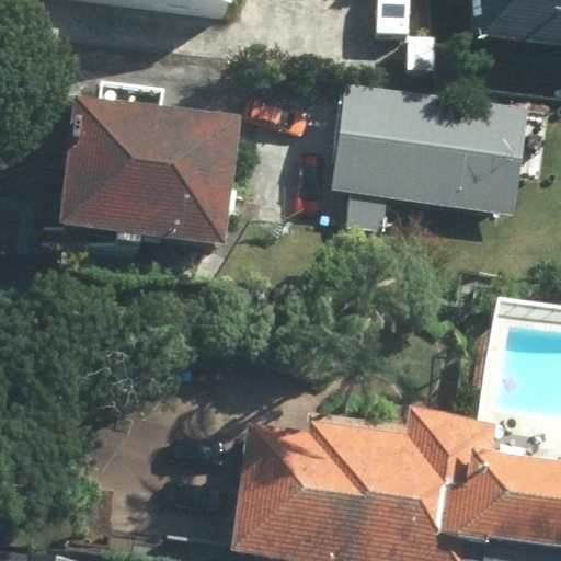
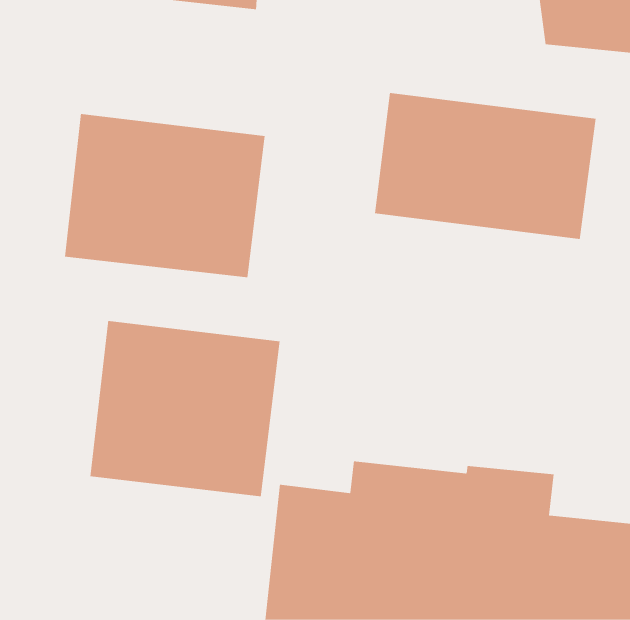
building: none -> [90,320,280,497]

